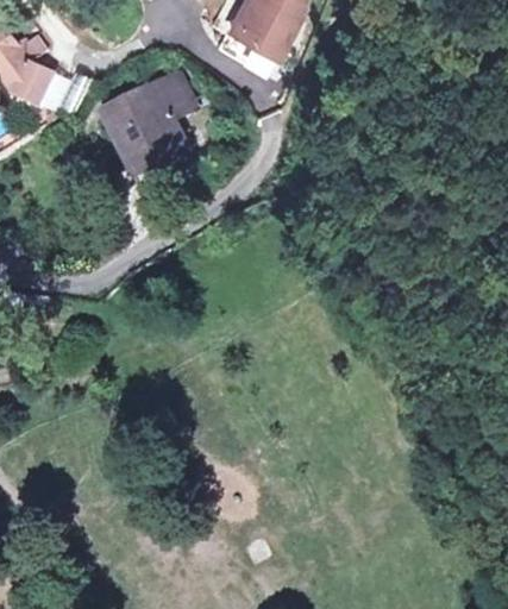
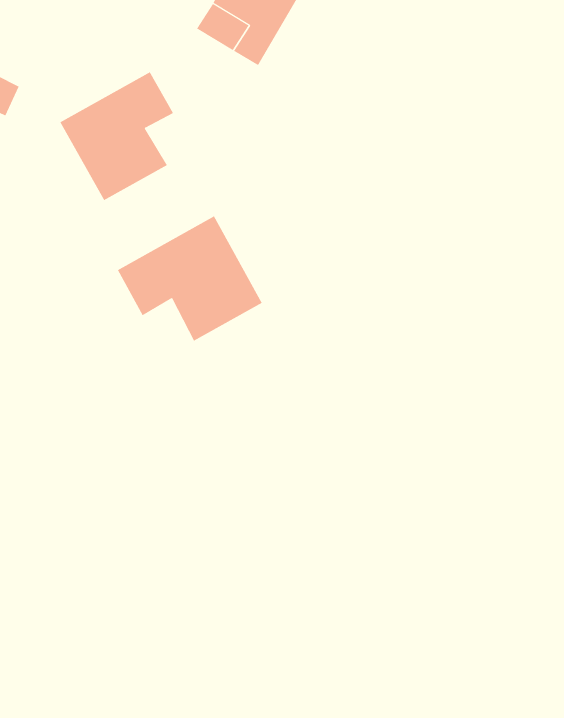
building: none -> [117,216,262,341]

